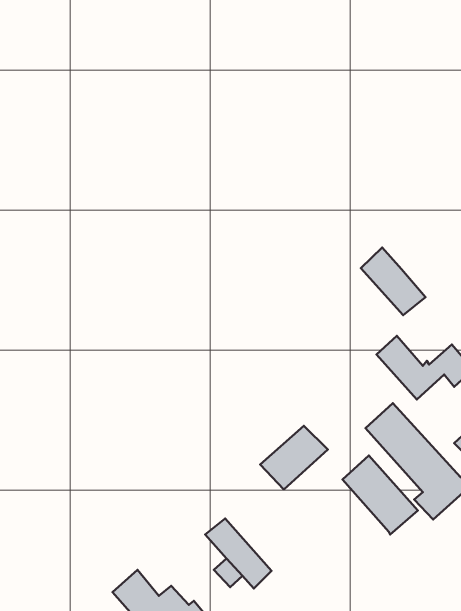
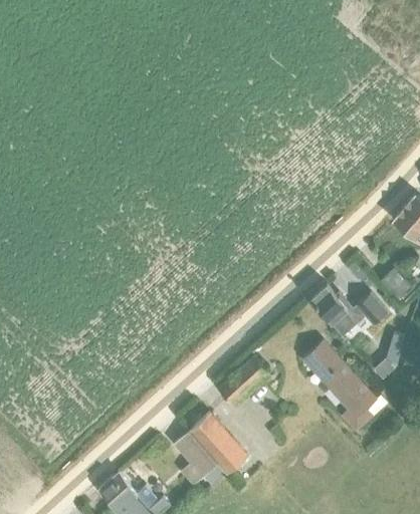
building: [361,248,425,315] -> none
building: [343,456,418,534] -> [189,412,249,475]

